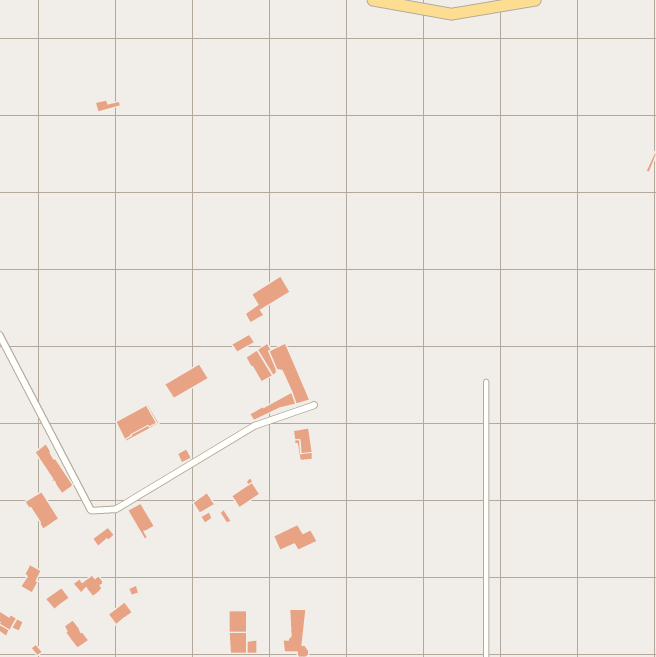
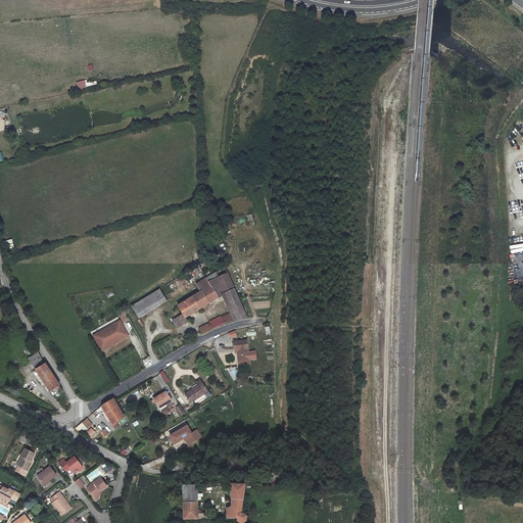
building: [245,276,290,323] -> [172,291,207,328]
building: [25,491,59,529] -> none
building: [273,525,317,550] -> [167,425,201,445]

